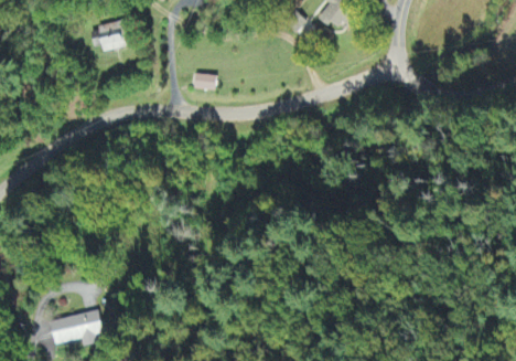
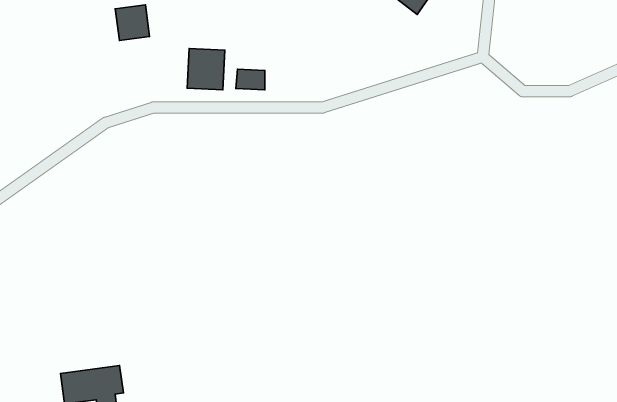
building: none -> [187,49,225,90]

